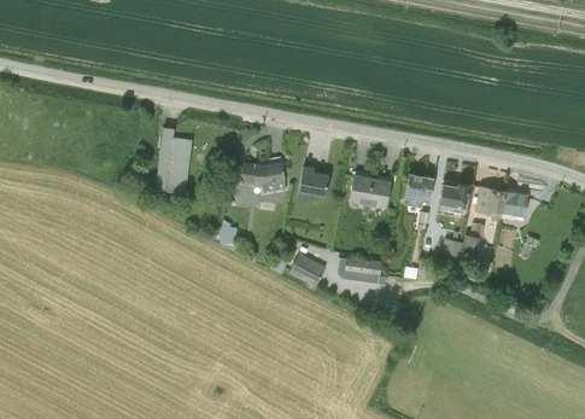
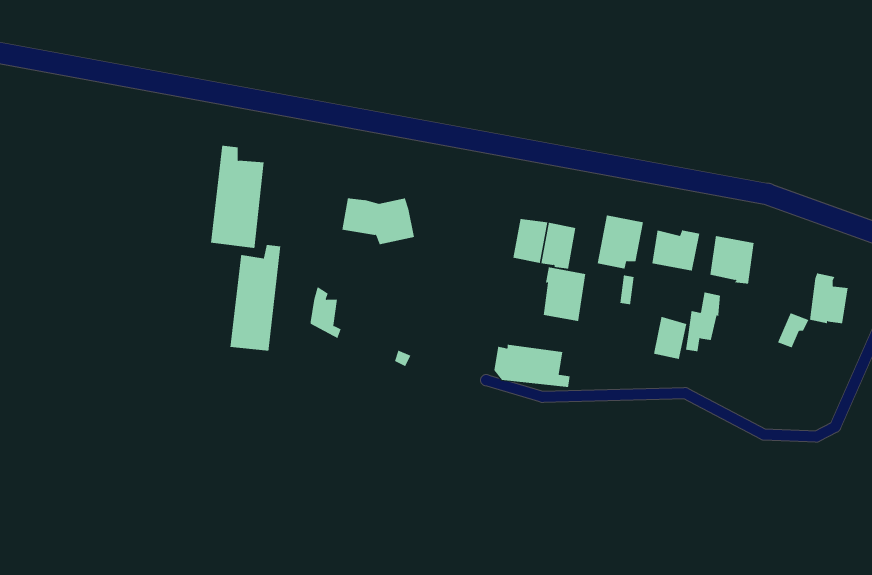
building: [297,167,329,203] -> none
building: [502,187,527,220] -> [809,273,848,324]
building: none -> [230,244,281,352]
building: none -> [543,266,586,322]
building: [289,252,326,291] -> none

